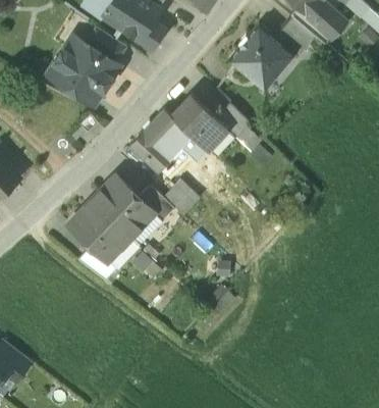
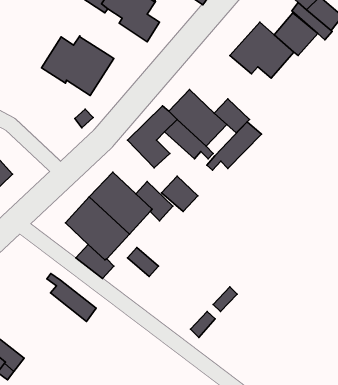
building: [85,27,126,62] -> none
building: none -> [207,122,261,170]
building: none -> [47,273,96,322]

